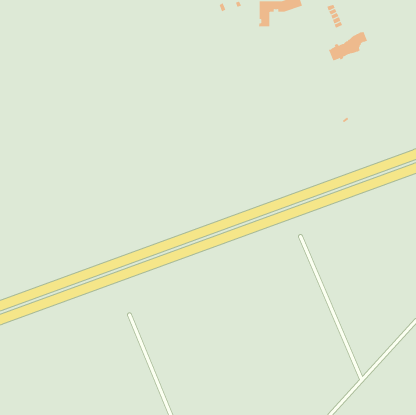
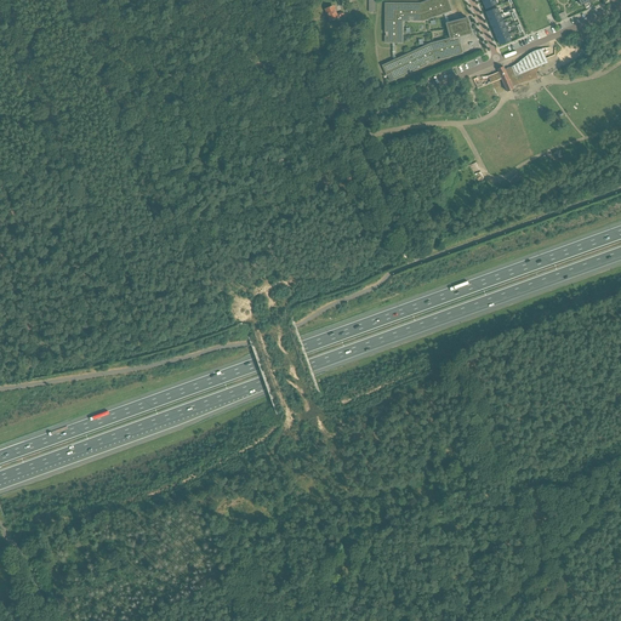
building: none -> [382,16,472,78]

